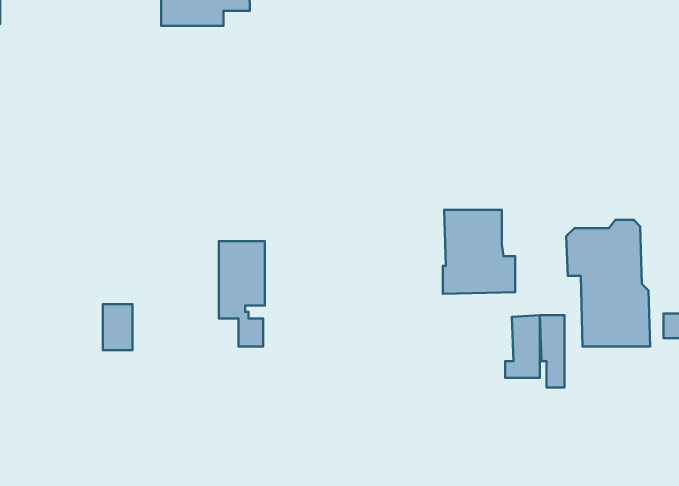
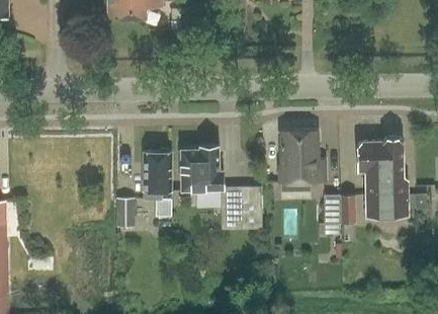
building: none -> [181,144,262,227]
building: [103,304,133,350] -> [117,199,136,227]

